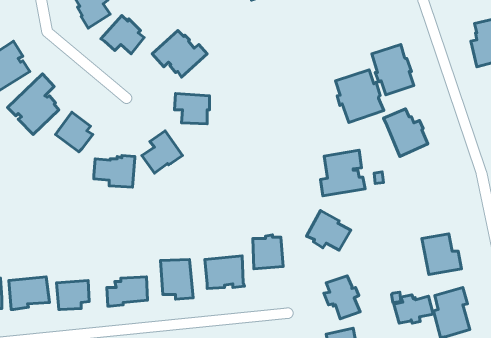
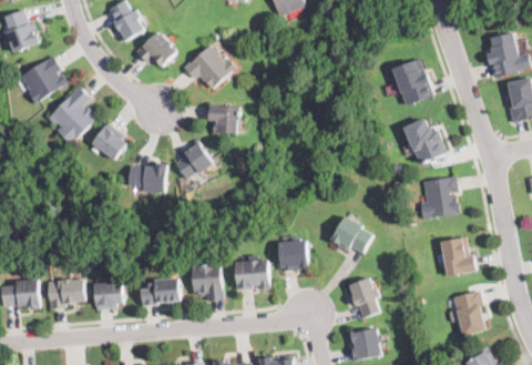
building: [335,70,384,123] -> none
building: [321,150,365,196] -> [419,175,461,219]
building: [394,295,433,323] -> none

